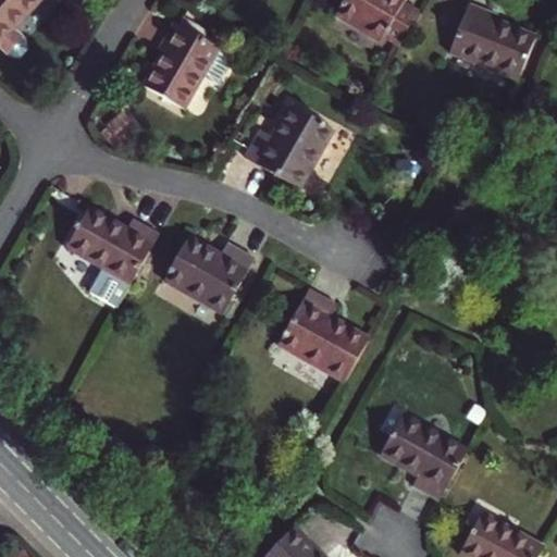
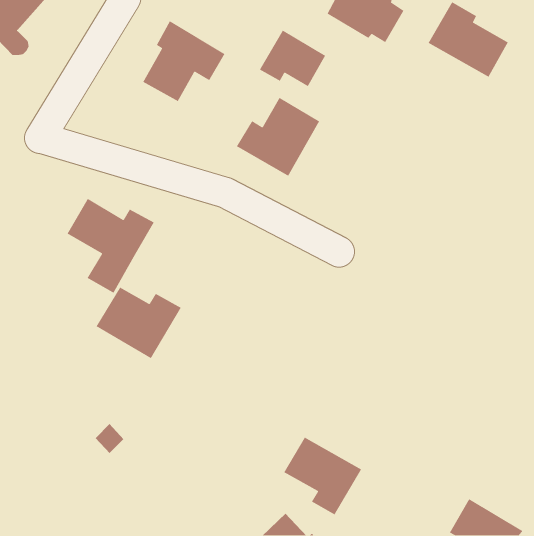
building: none -> [259,29,326,87]
building: [165,237,255,312] -> [95,286,182,359]
building: [277,289,368,382] -> none
building: [384,420,466,502] -> [283,437,362,516]

